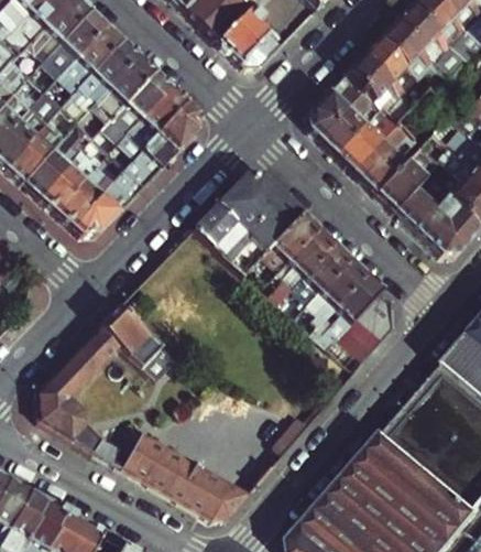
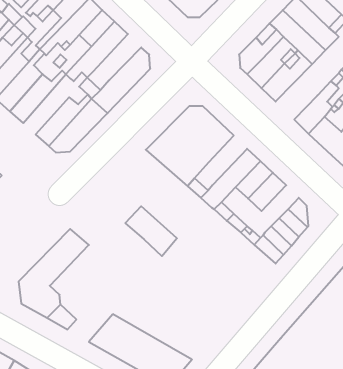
building: [128,85,187,142] -> none
building: [353,122,412,191] -> none
building: [41,134,99,209] -> none
building: [266,210,318,272] -> none
building: [332,272,382,331] -> none
building: [99,305,163,367] -> [125,206,177,256]

